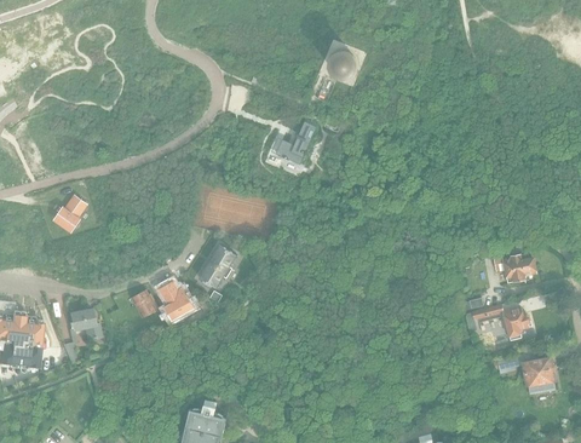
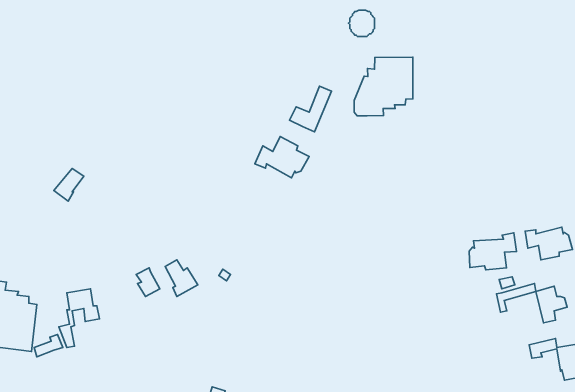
building: none -> [354,57,413,116]
building: none -> [255,137,309,178]
building: [200,246,236,289] -> none
building: none -> [469,233,517,270]

